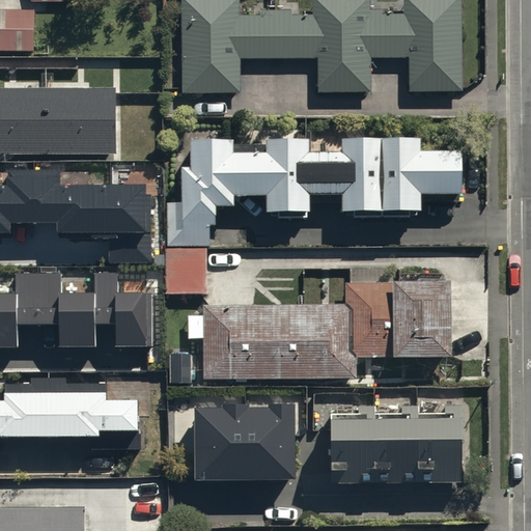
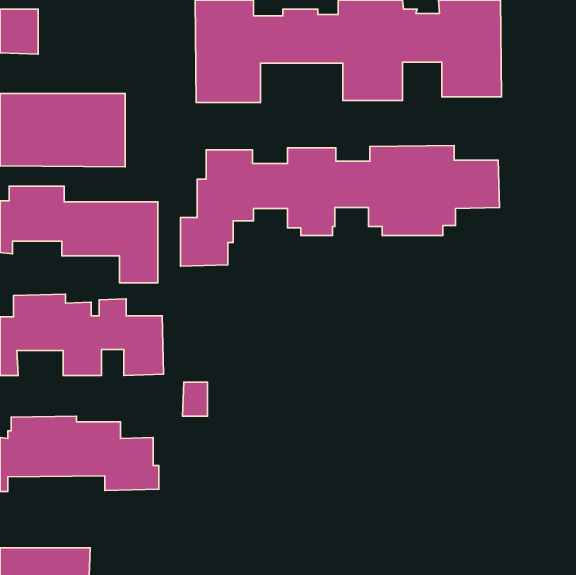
building: [165,248,206,295] -> none
building: [202,278,450,380] -> none
building: [195,400,294,477] -> none
building: [329,403,459,479] -> none

